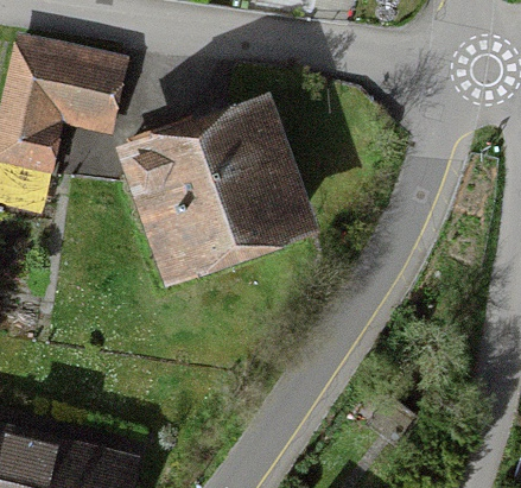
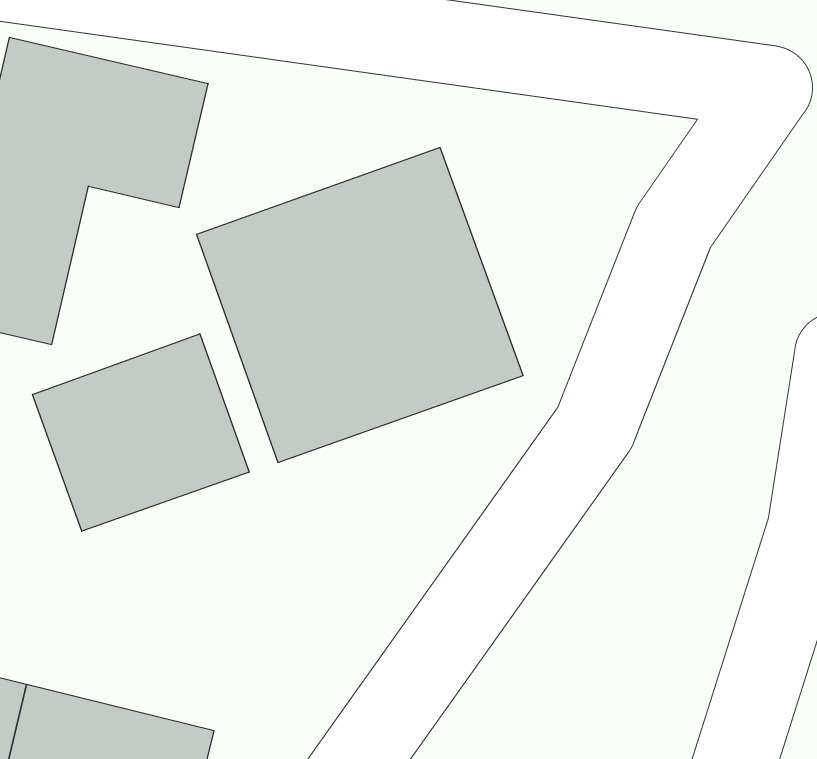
building: none -> [33,334,249,531]

